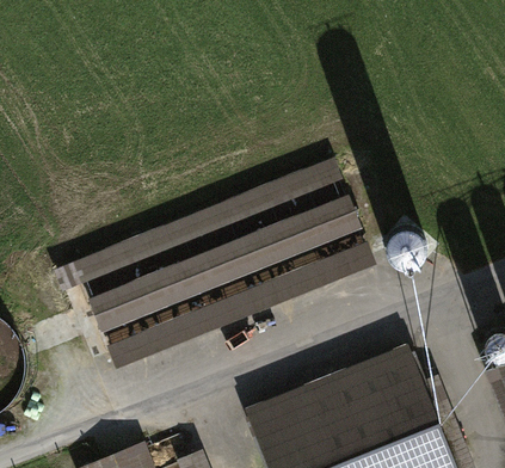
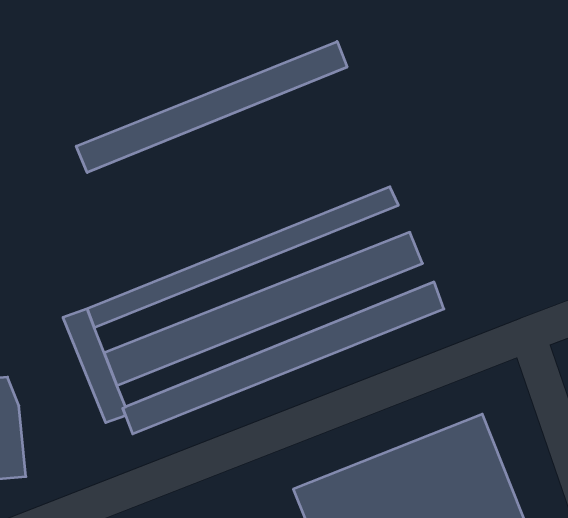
building: none -> [76,41,347,173]

